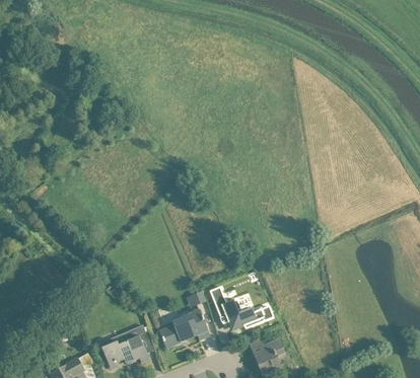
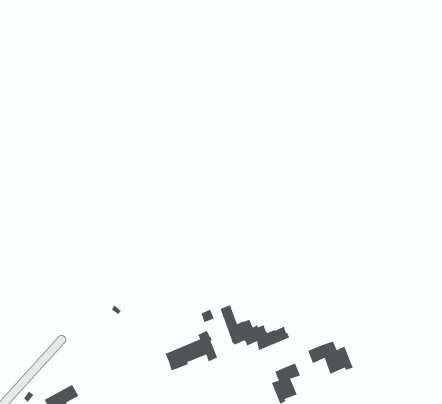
building: none -> [307,340,354,375]
building: [100,334,148,364] -> none

